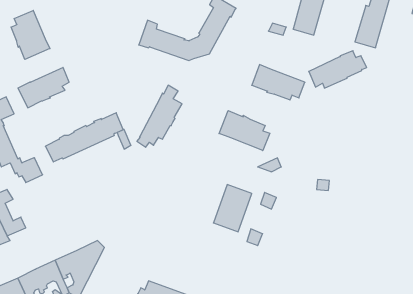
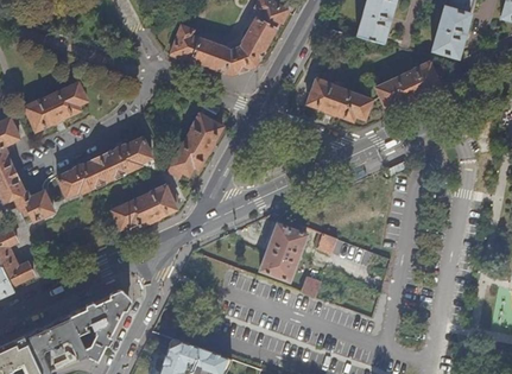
building: [11,10,50,59] -> none
building: [219,111,270,151] -> none
building: none -> [112,185,178,230]

